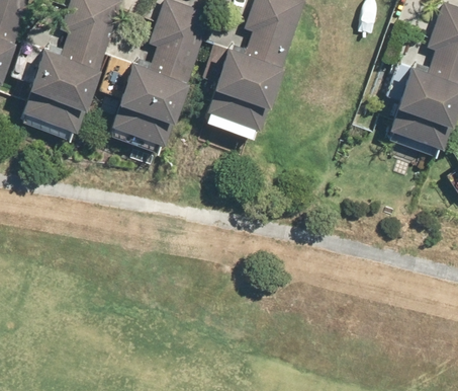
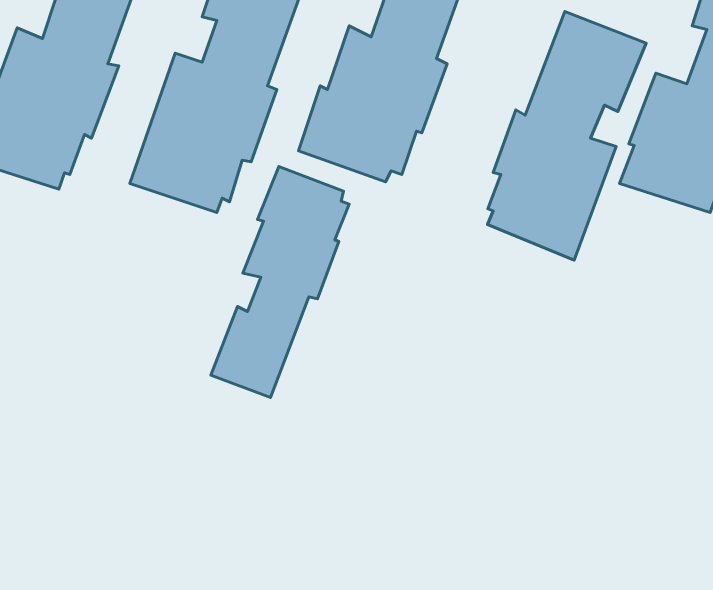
building: none -> [488,12,646,260]
building: none -> [211,166,349,397]

